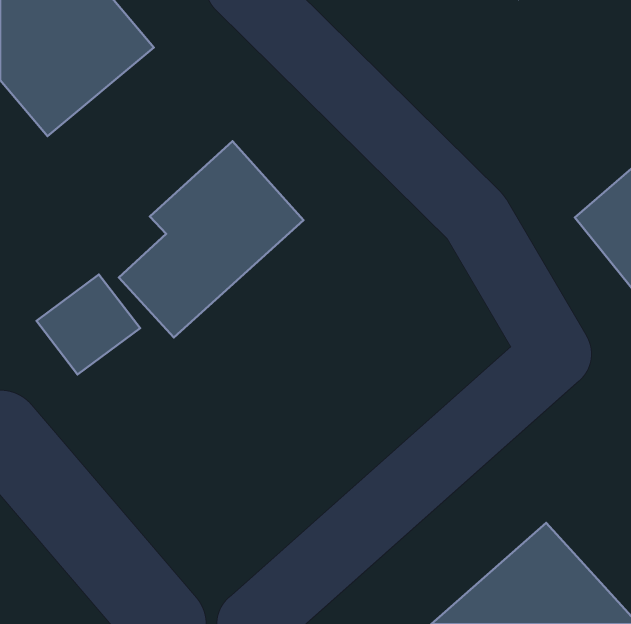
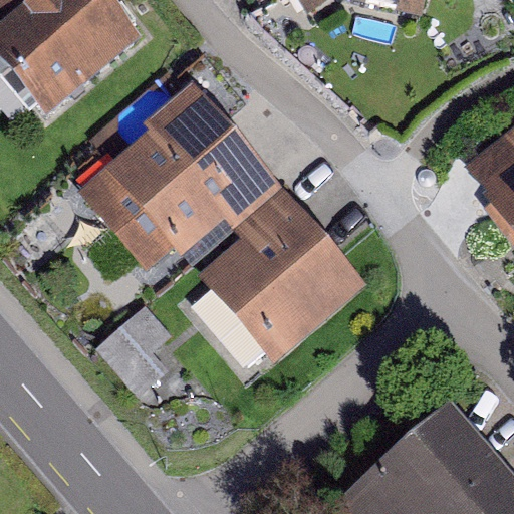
building: none -> [215,200,346,350]
building: [36,274,140,375] -> [108,299,192,379]

